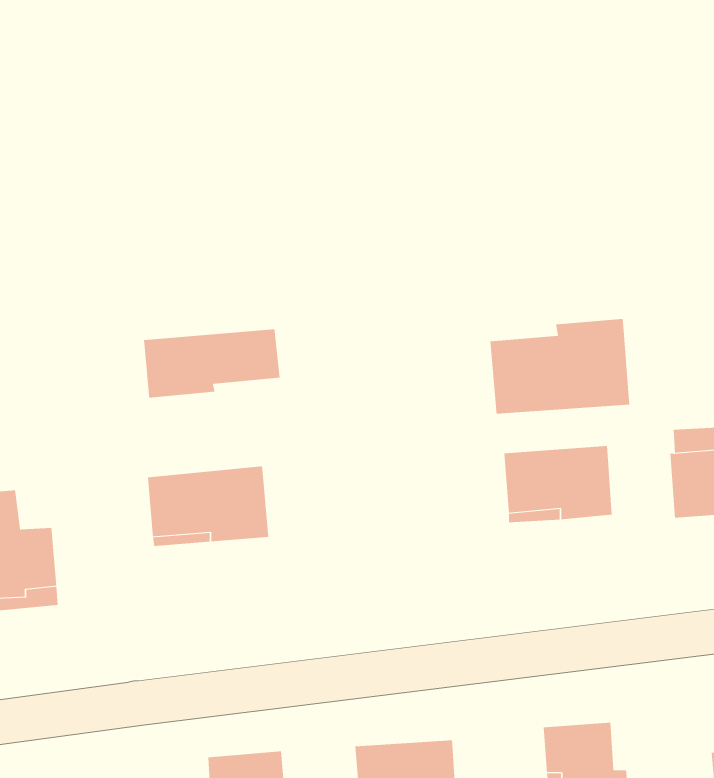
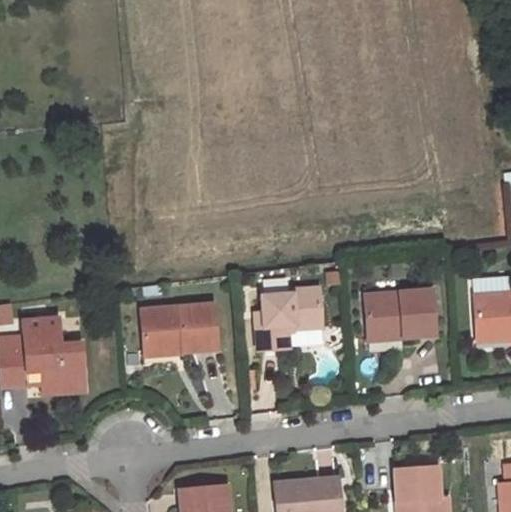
building: [490,318,630,414] -> none
building: [144,329,280,398] -> none
building: none -> [256,289,321,350]

